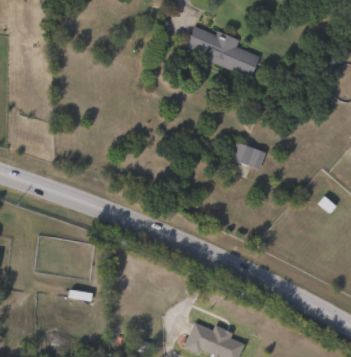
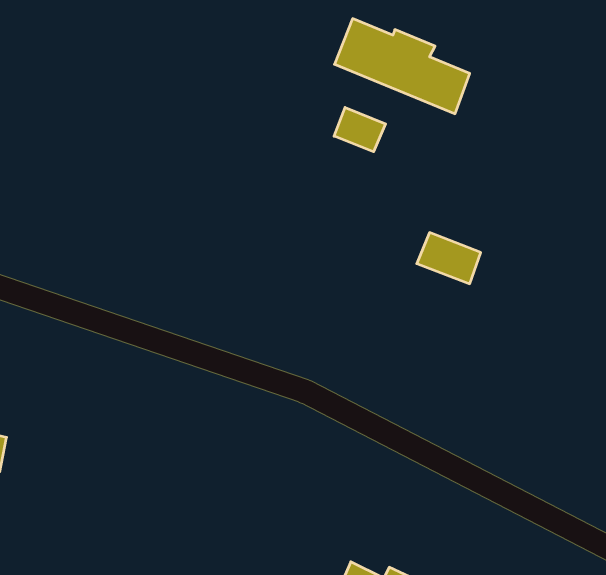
building: none -> [334,107,386,152]

